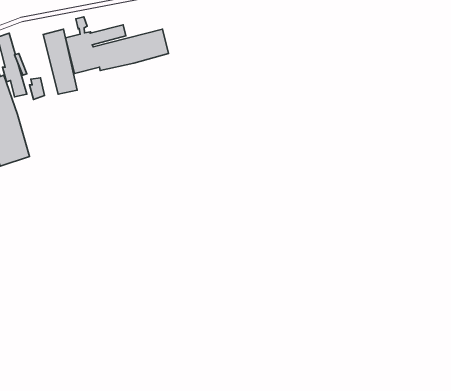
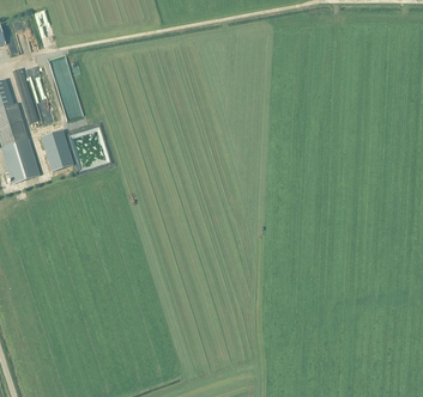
building: [65,17,169,73] -> none
building: none -> [42,130,73,171]

